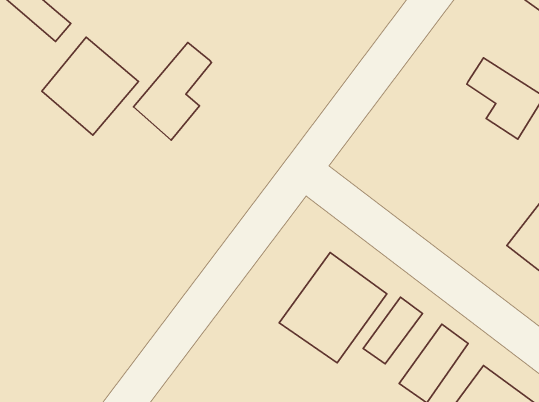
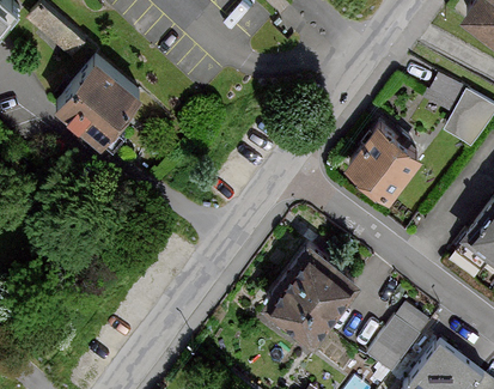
building: [133,42,212,140] -> none
building: none -> [344,124,420,200]
building: [363,297,423,364] -> none

